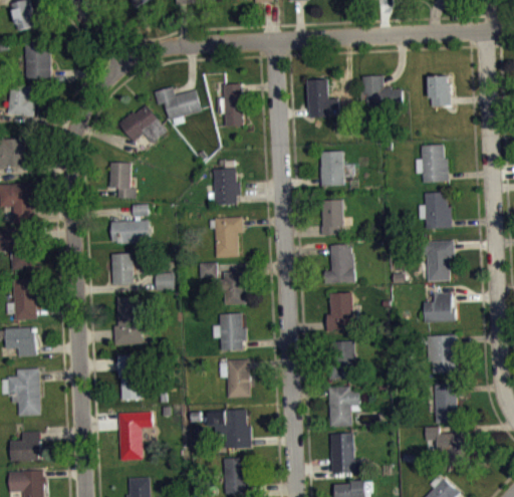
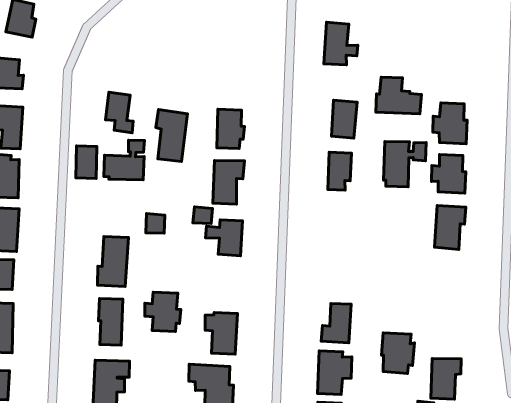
building: [359,74,402,108] -> [376,77,421,114]
building: [429,75,450,105] -> none
building: [217,83,243,126] -> none
building: [154,85,200,125] -> none
building: [118,104,168,144] -> none
building: none -> [156,109,187,162]
building: none -> [384,141,426,187]
building: [324,244,353,282] -> none
building: [111,253,133,284] -> [76,146,97,179]
building: [325,291,358,330] -> none
building: [424,293,455,322] -> none
building: [211,312,245,349] -> [145,292,181,332]
building: [430,334,460,371] -> [381,333,415,373]

